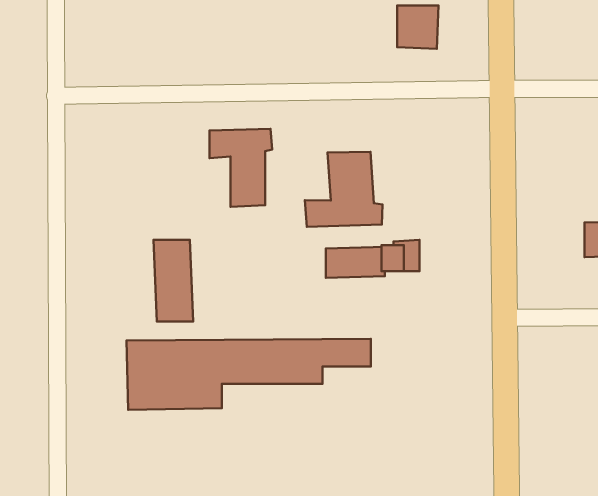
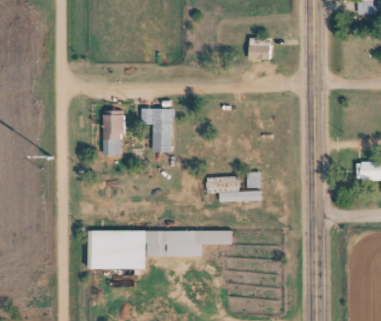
building: [305,152,383,227] -> none
building: [153,240,193,321] -> [101,110,124,157]

